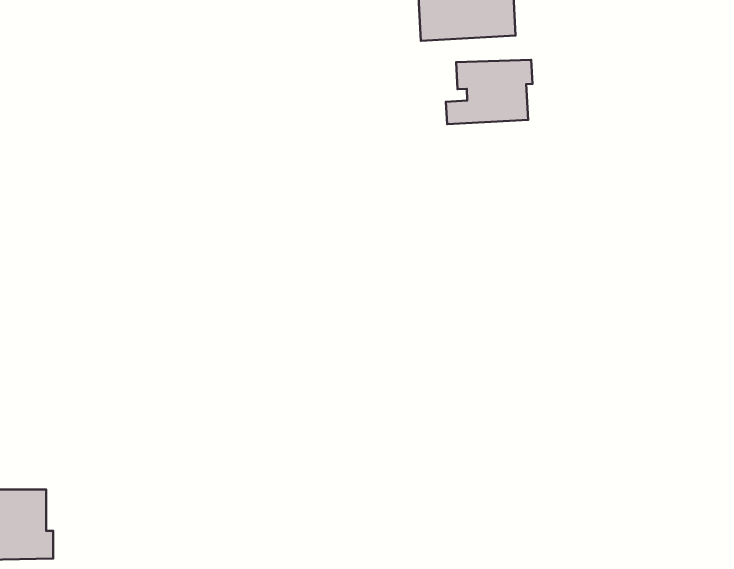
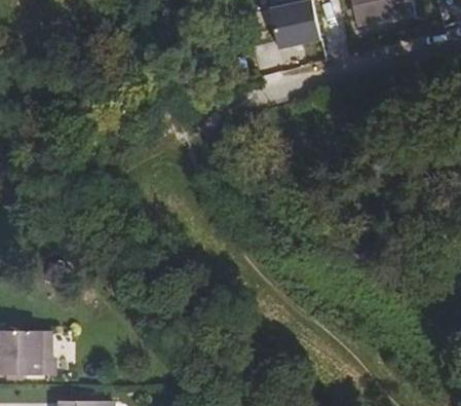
building: [446,60,532,124] -> none

